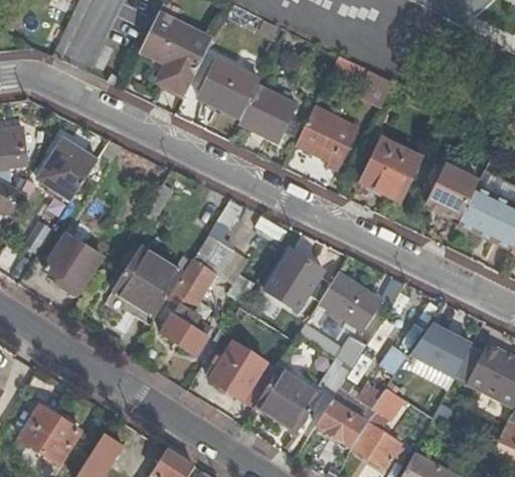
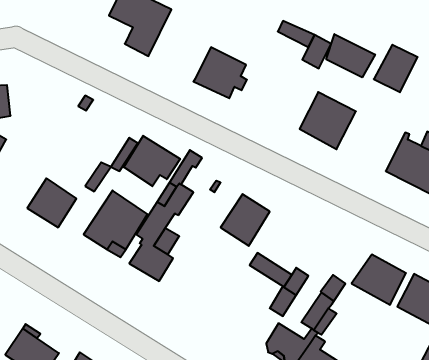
building: [195,59,258,120] -> none
building: none -> [326,34,375,77]
building: [293,106,355,168] -> none
building: [37,137,98,199] -> none
building: [427,167,478,221] -> [374,45,418,92]
building: none -> [124,136,180,186]
building: [321,272,382,328] -> none
building: [211,341,266,399] -> none
building: [258,367,323,430] -> none

